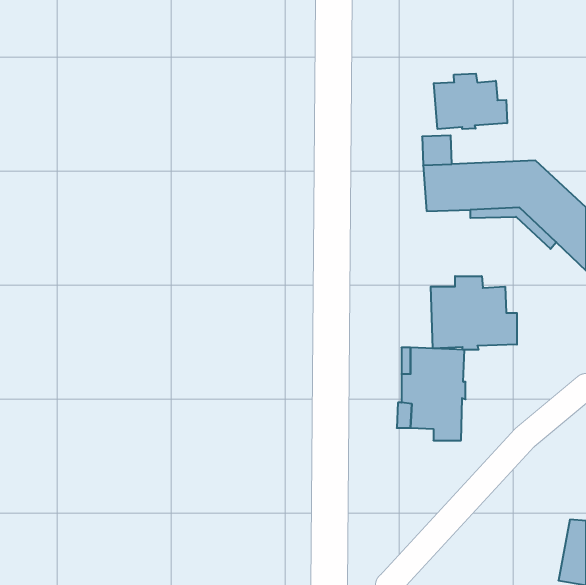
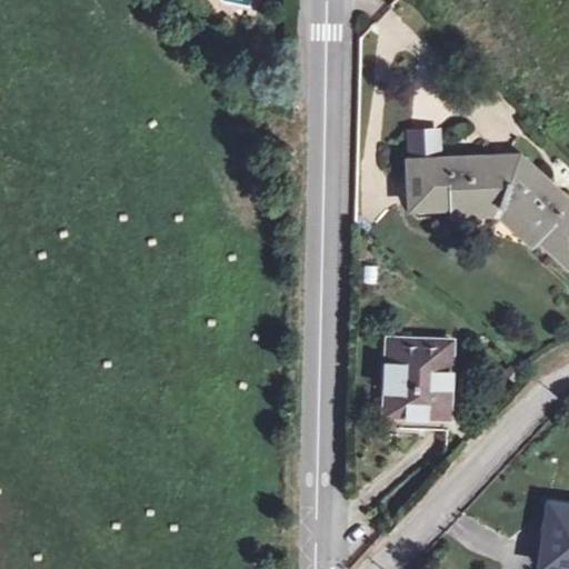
building: [434,74,507,129] -> none
building: [431,276,517,350] -> none

